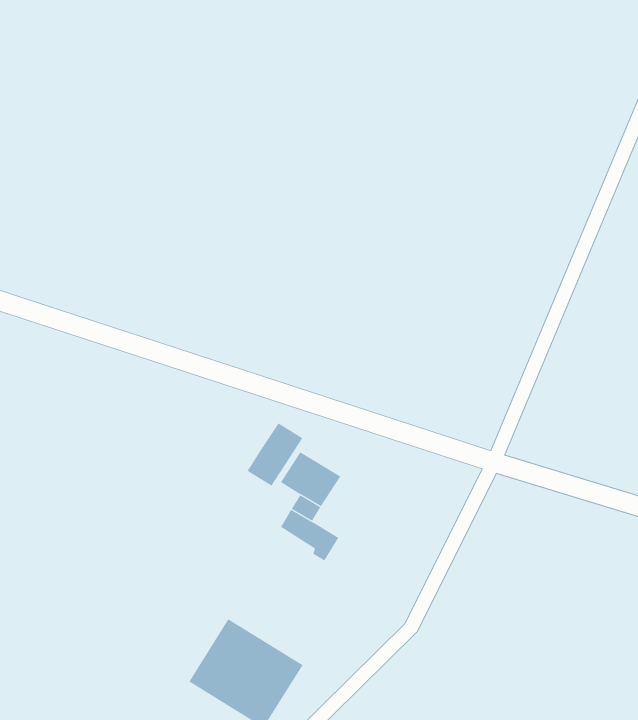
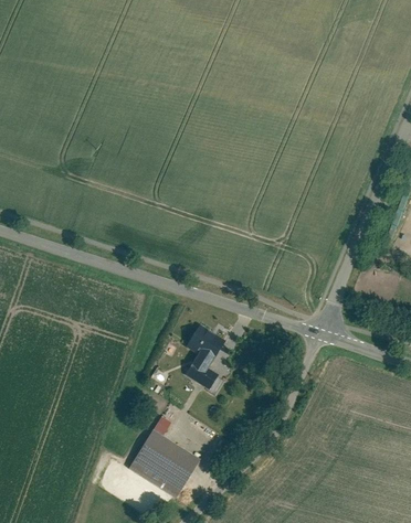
building: [247,423,303,486] -> none

